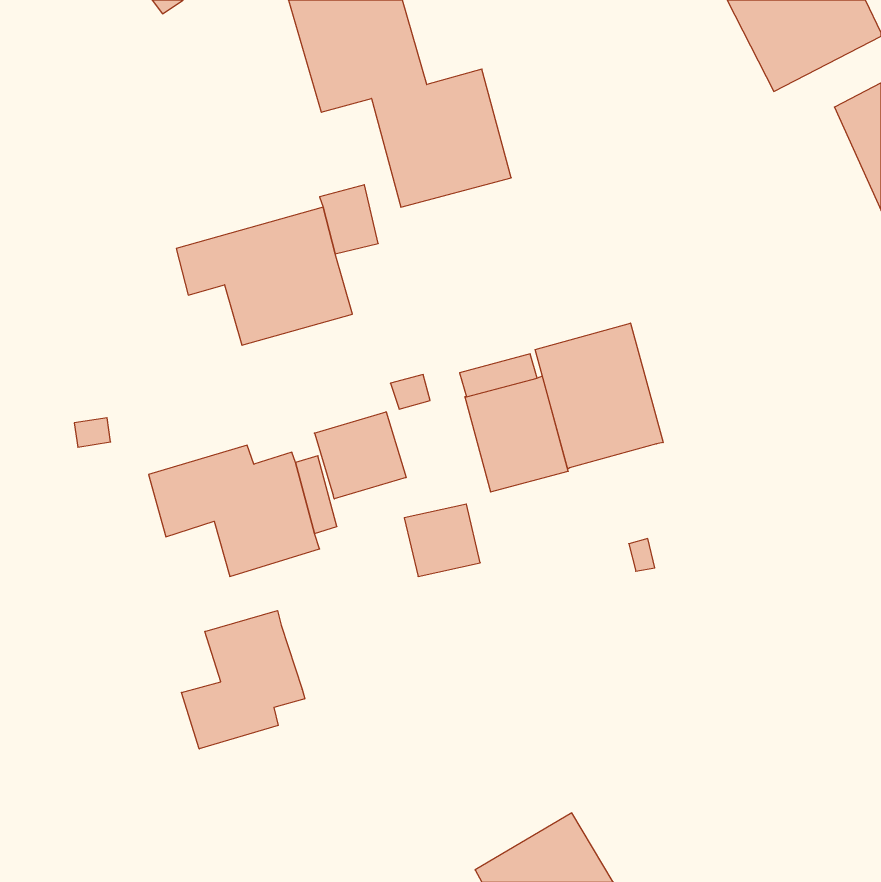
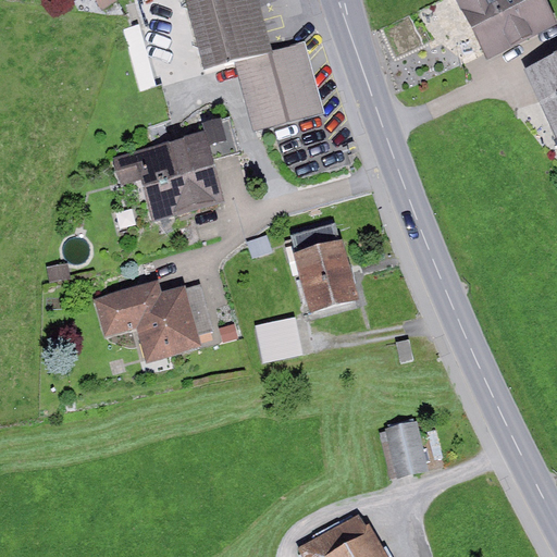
building: [535,323,663,469] -> none
building: [314,412,406,499] -> none
building: [181,611,305,749] -> none
building: none -> [385,422,428,474]

